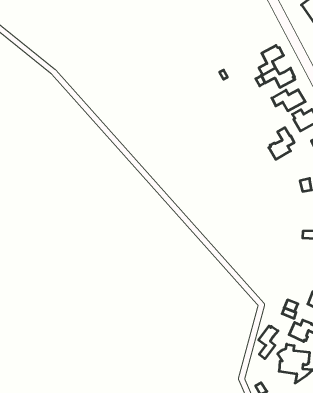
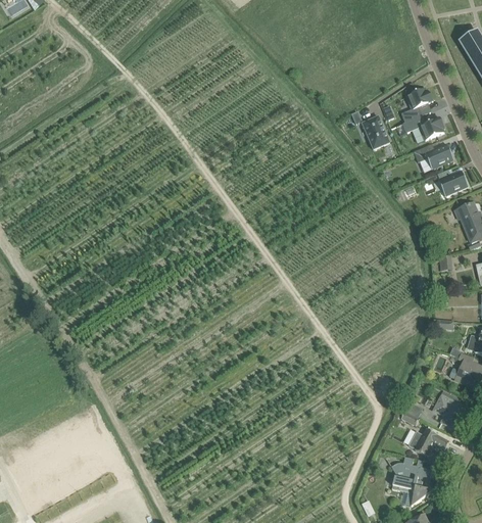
building: none -> [362,115,389,148]
building: [269,128,294,159] -> none
building: [259,326,278,359] -> none

